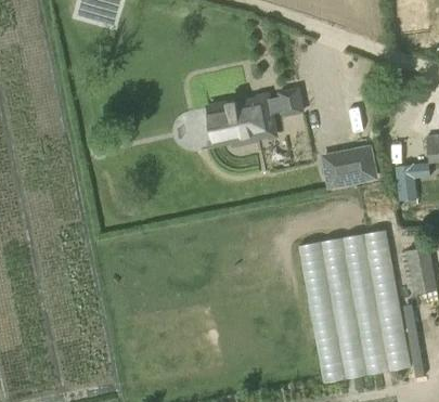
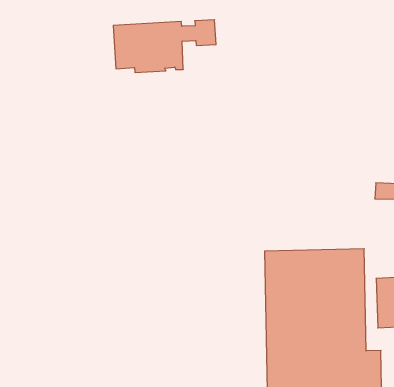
building: [207,90,300,146] -> [113,20,216,73]
building: [320,146,376,190] -> none

